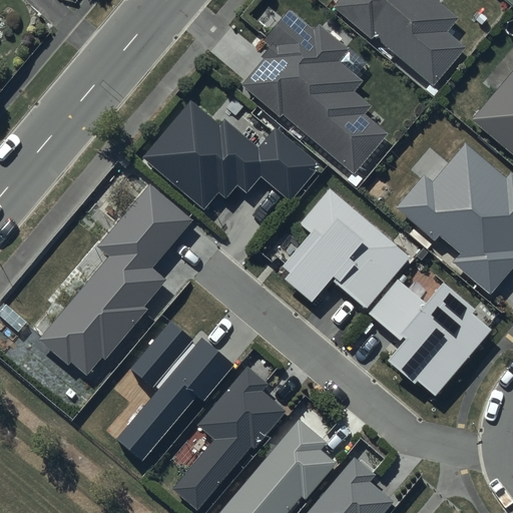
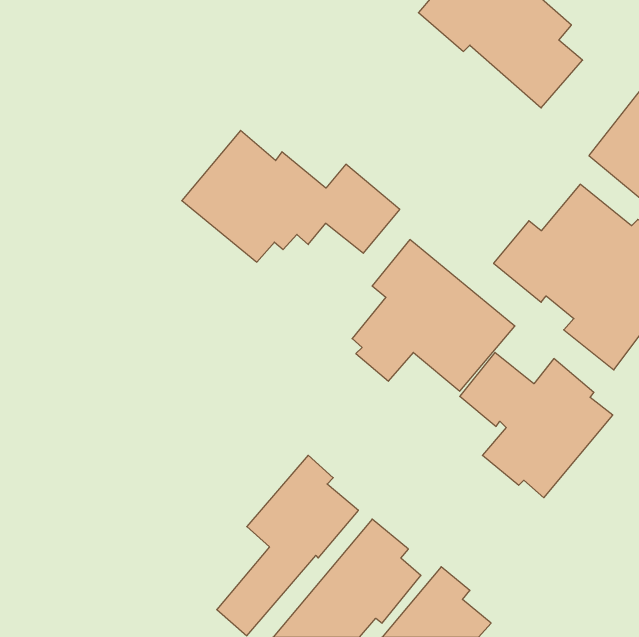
building: [245,12,392,175] -> none
building: [39,179,195,375] -> none
building: [116,319,234,459] -> none

